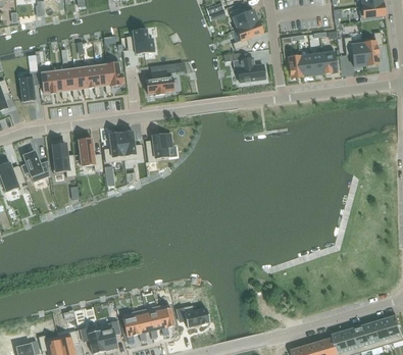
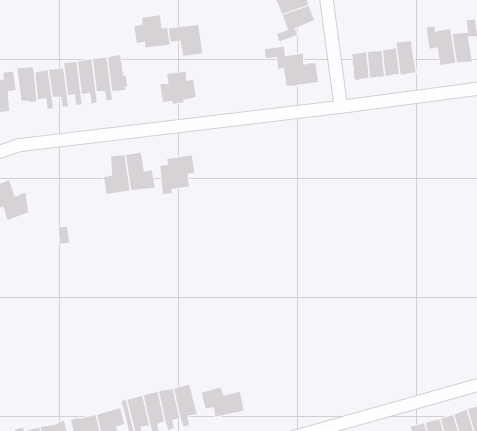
building: none -> [168,24,203,57]
building: [78,138,102,169] -> none
building: [52,143,77,178] -> none

